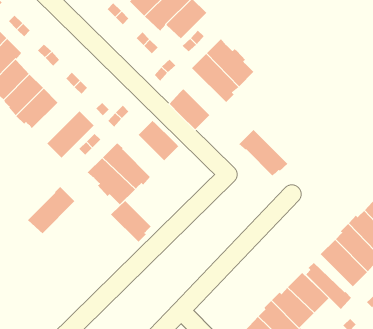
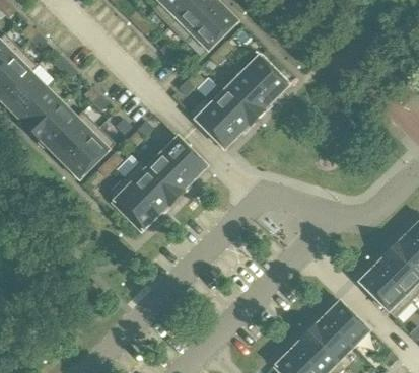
building: [238,129,288,176] -> [203,81,257,132]
building: [27,186,75,234] -> [47,110,98,162]
building: [110,200,152,243] -> [145,153,190,199]
building: [306,262,352,310] -> none

